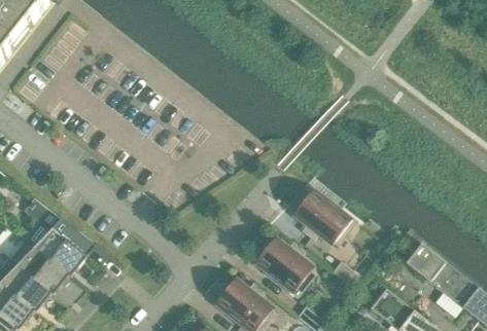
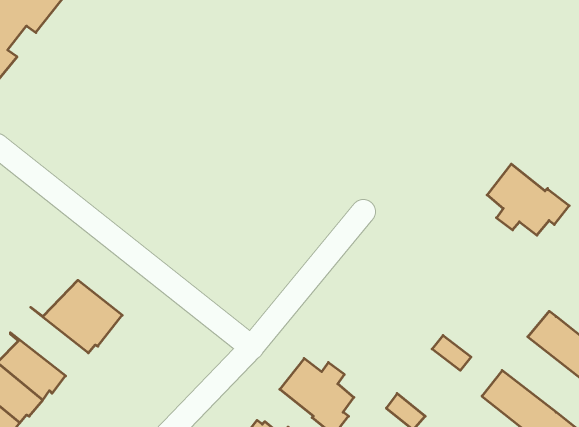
building: [292,188,355,243] -> [487,164,569,235]
building: [254,236,311,295] -> none
building: [8,238,68,291] -> none

